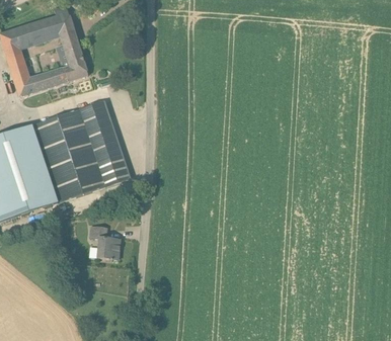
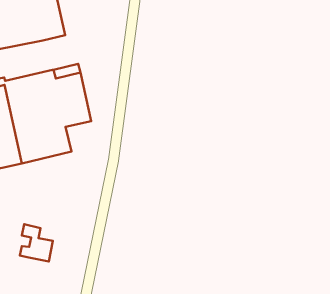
building: [96,154,129,185] -> none
building: [88,225,119,258] -> [20,224,53,261]

